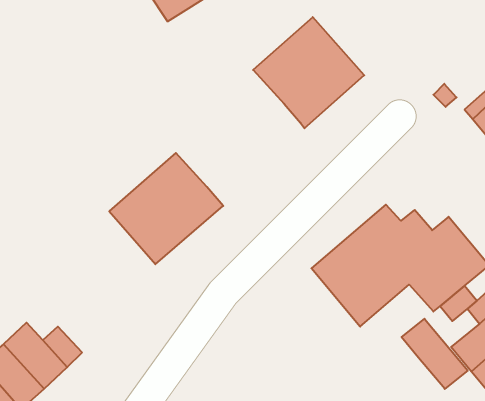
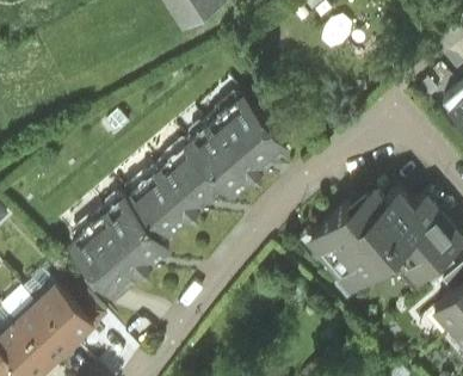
building: [253,17,364,128] -> [187,92,285,190]
building: none -> [70,190,173,292]
building: [402,319,468,389] -> none

